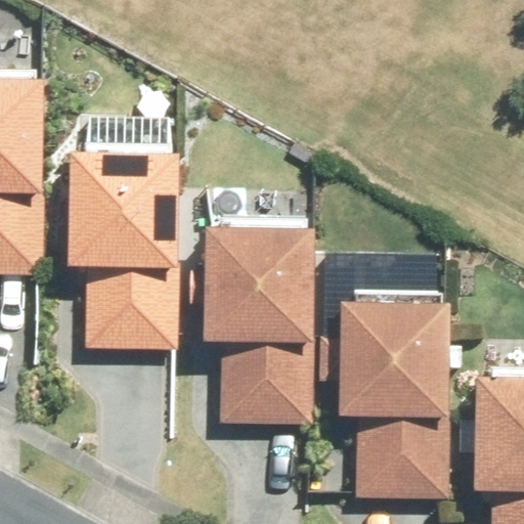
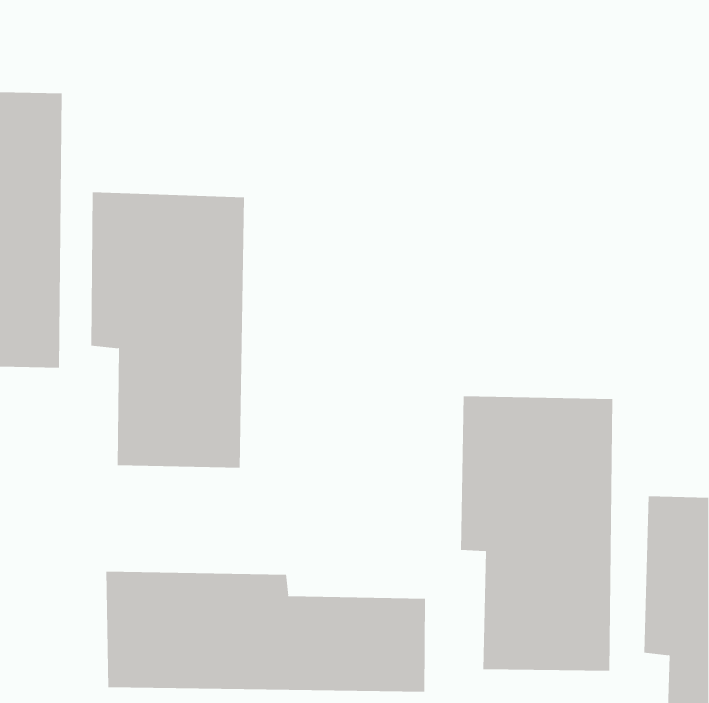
building: [204,220,315,424] -> none
building: none -> [106,571,425,693]

